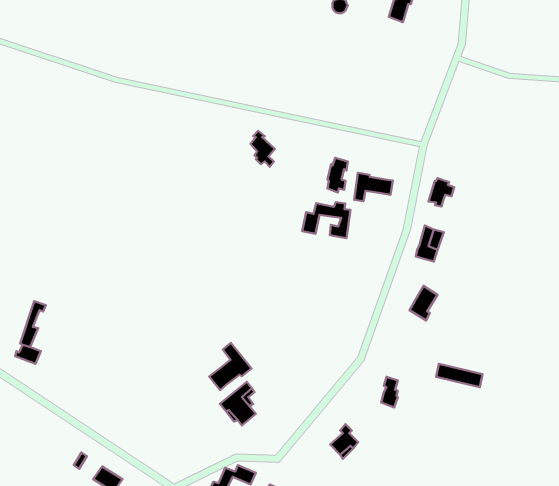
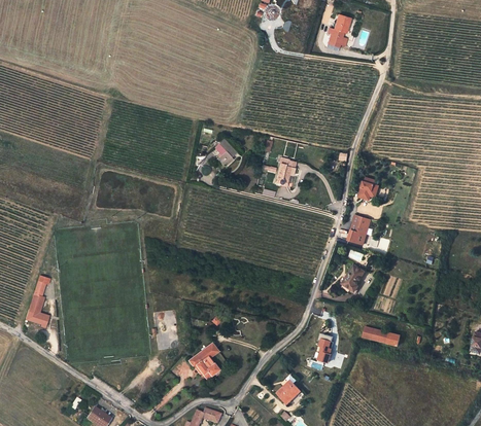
building: [354,173,393,201] -> none
building: [302,202,351,238] -> none
building: [209,343,252,390] -> none

